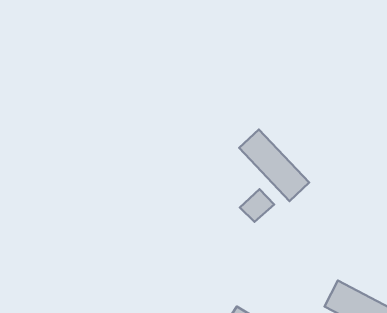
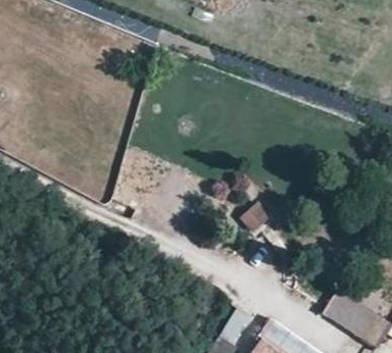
building: [239,129,309,201] -> none

